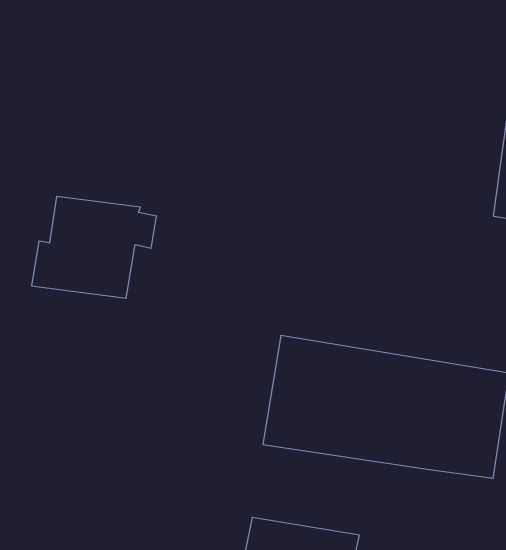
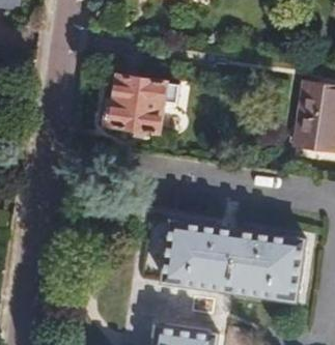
building: [32,197,157,298] -> [106,87,178,146]

